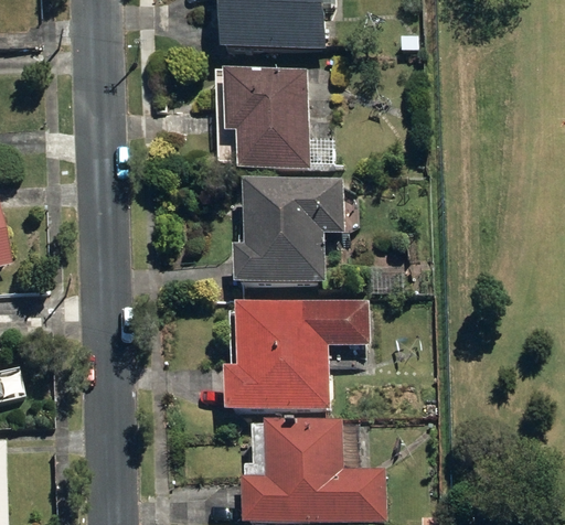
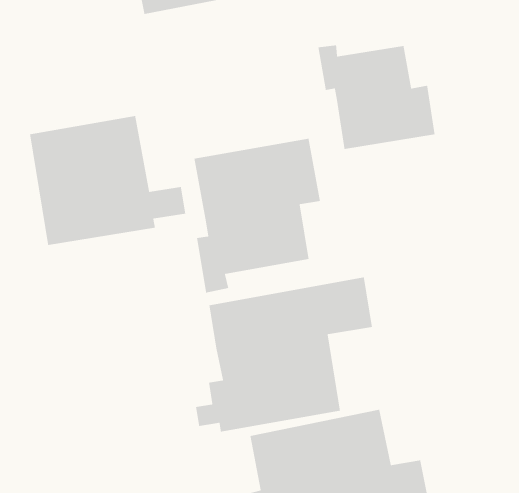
building: [216,66,338,164] -> [29,115,186,246]
building: none -> [318,45,436,150]

